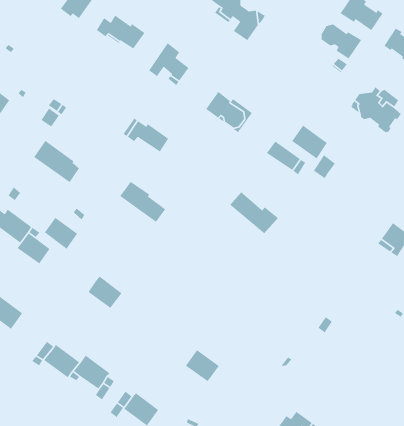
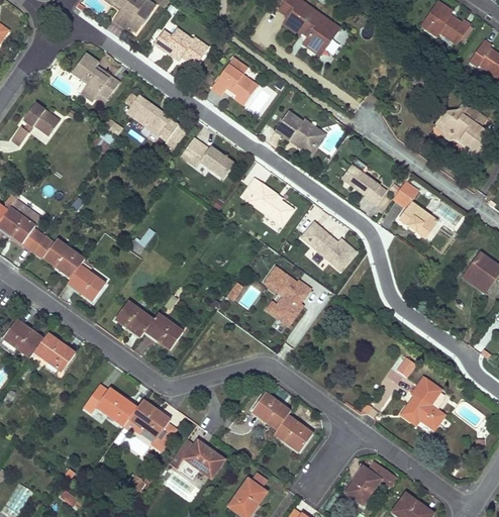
building: [321,24,362,60] -> none
building: none -> [73,54,120,102]
building: [291,124,328,159] -> [397,200,437,238]
building: [33,140,80,183] -> [126,94,178,141]
building: [119,181,166,223] -> [240,178,292,224]
building: [44,217,78,250] -> [115,301,153,337]
building: none -> [261,265,314,326]
building: none -> [400,378,443,428]
building: none -> [273,416,312,453]

